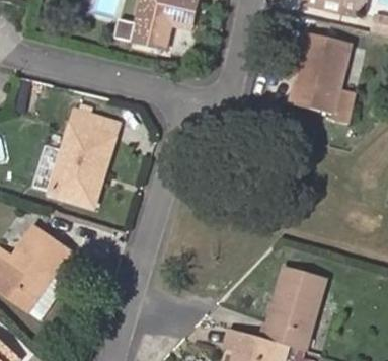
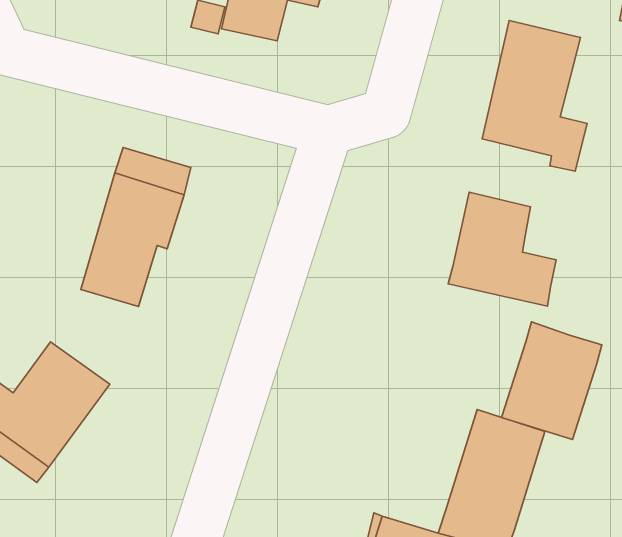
building: none -> [448,192,556,306]
building: none -> [501,322,602,439]

